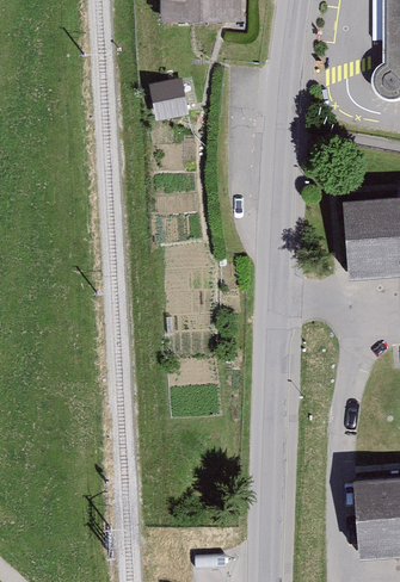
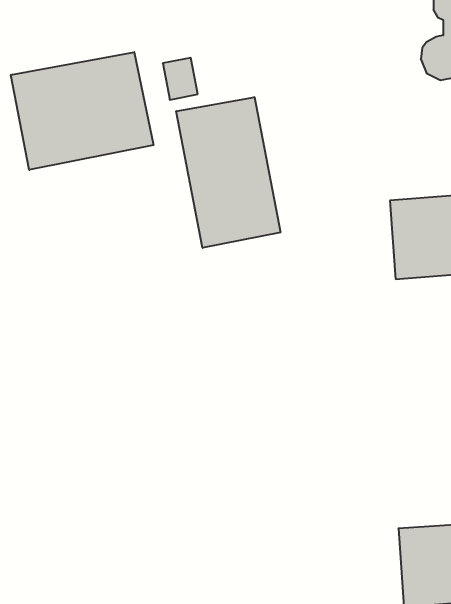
building: none -> [11,52,154,170]
building: none -> [176,97,280,248]

